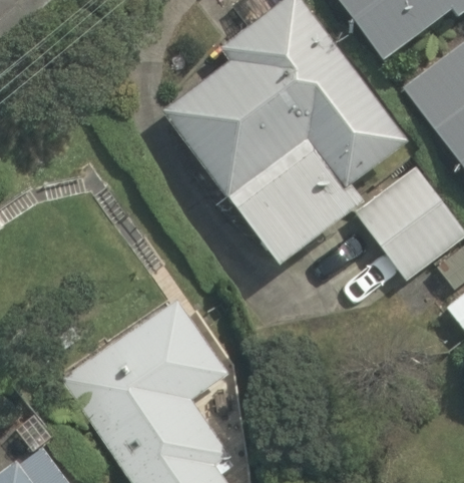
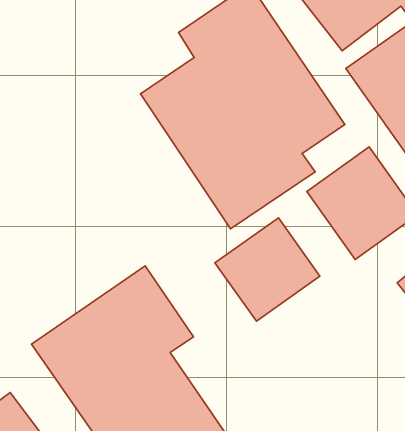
building: none -> [215,218,320,321]

